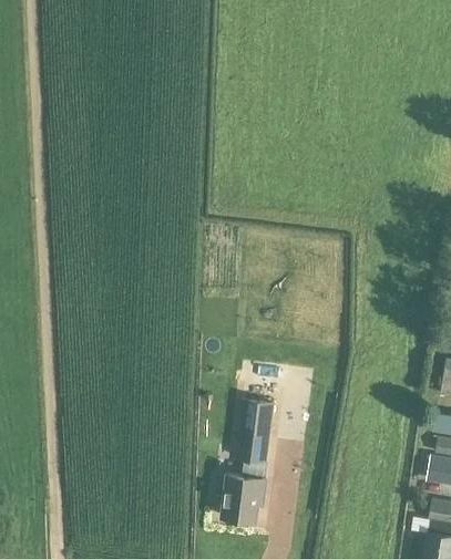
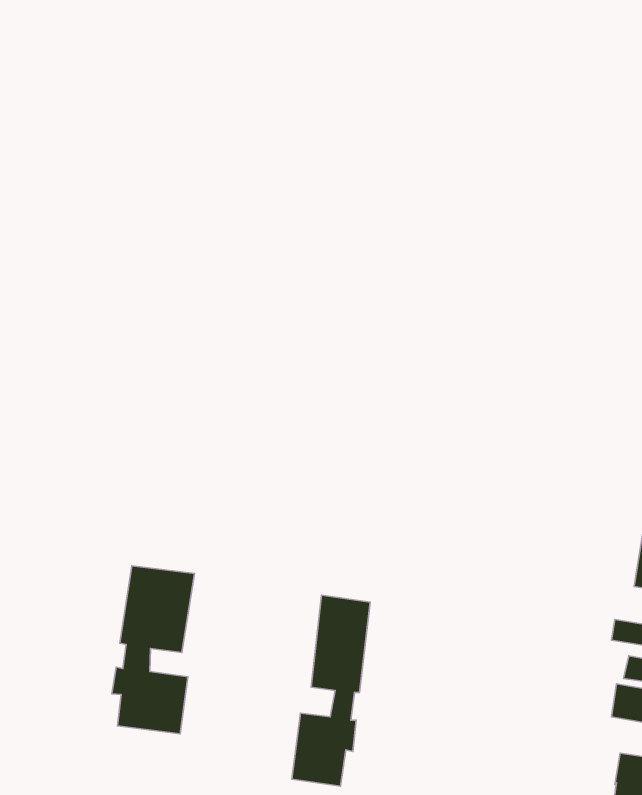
building: none -> [112,566,195,734]

